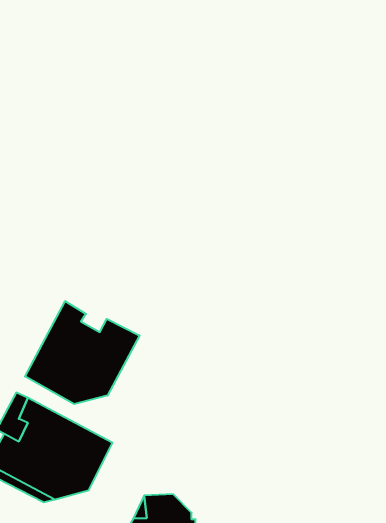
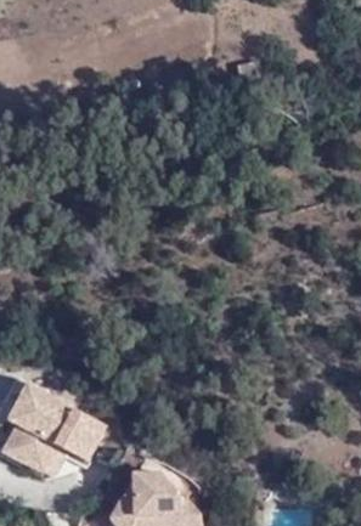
building: [25,301,140,404] -> none

